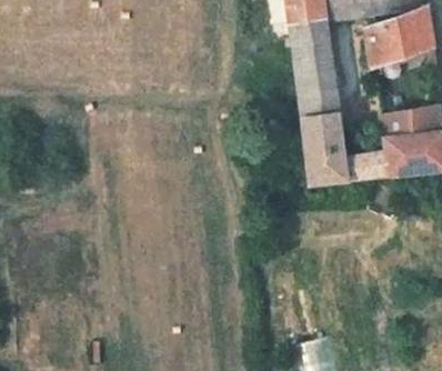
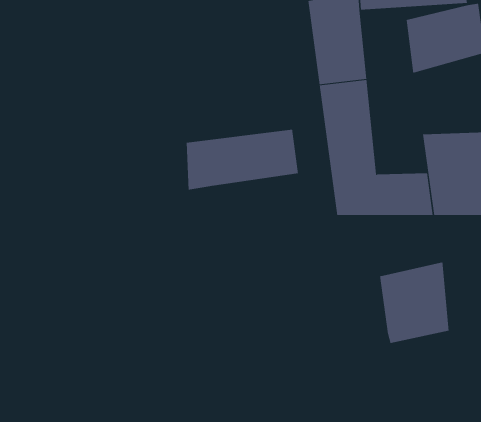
building: none -> [186,129,299,191]
building: none -> [379,262,449,344]

